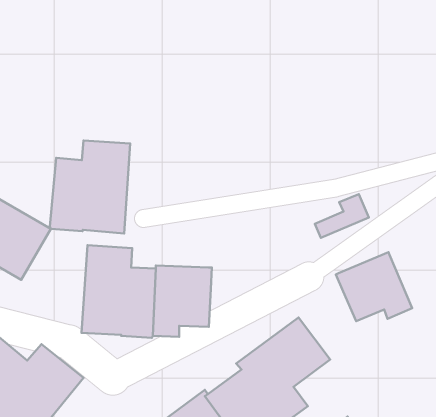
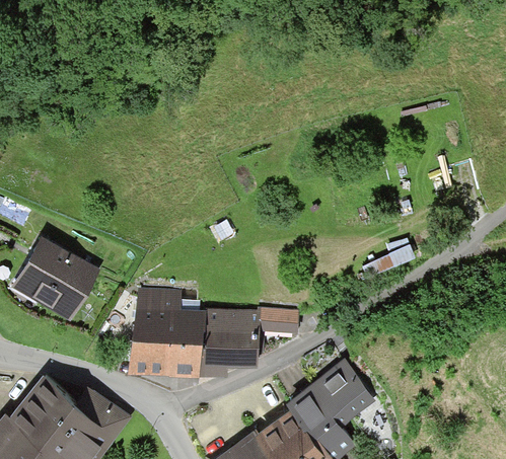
building: [50,140,130,234] -> none
building: [336,252,412,321] -> none
building: none -> [257,306,298,332]

